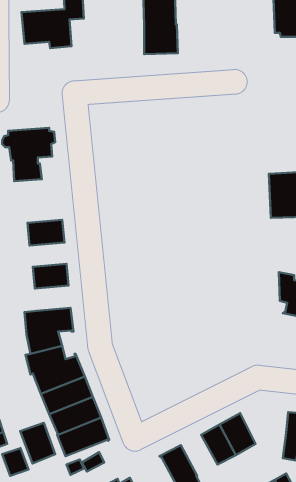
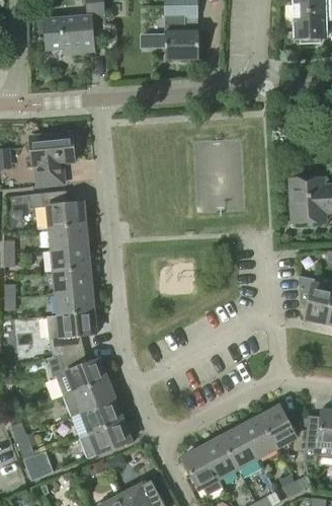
building: none -> [28,191,84,229]
building: none -> [52,246,88,271]
building: none -> [57,289,92,314]
building: none -> [260,405,296,446]
building: [20,423,55,464] -> none
building: none -> [201,437,238,478]

